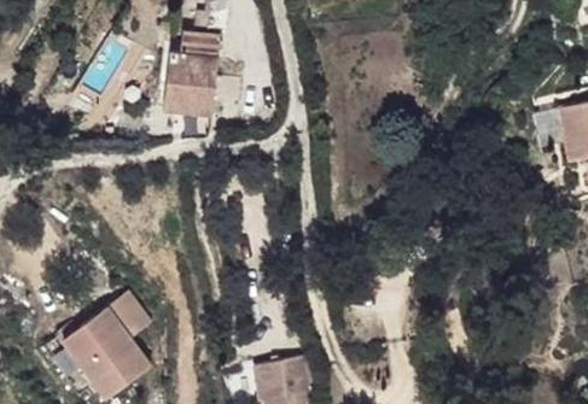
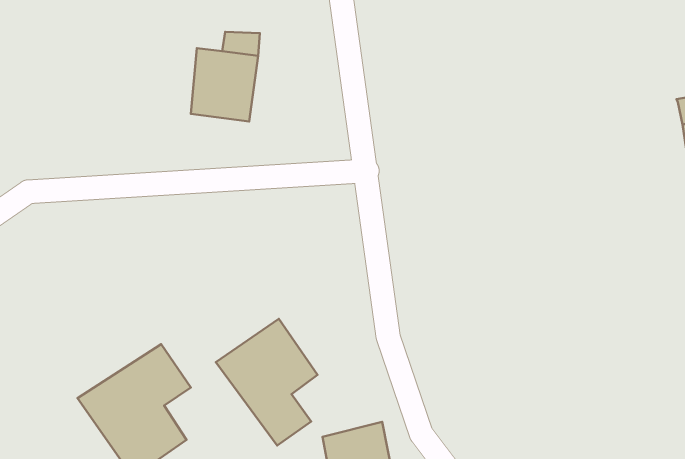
building: none -> [216,319,318,445]

